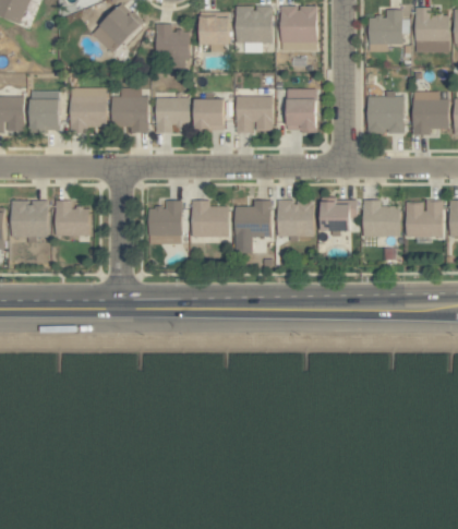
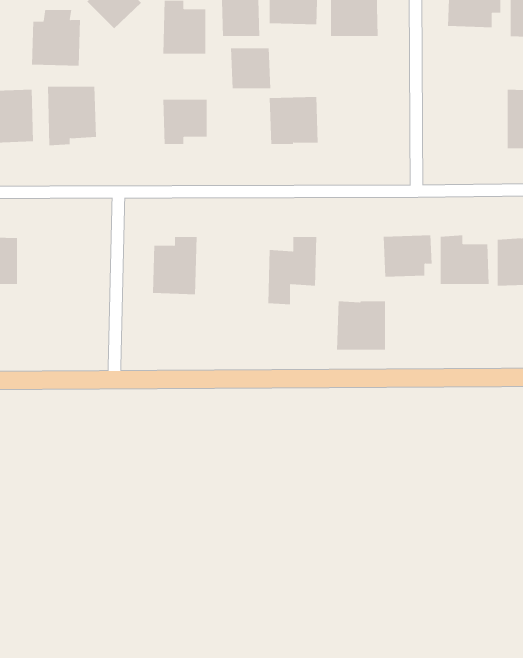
building: [111,88,148,131] -> [31,9,81,66]
building: [287,88,317,130] -> none
building: [367,91,405,134] -> none
building: [194,99,225,130] -> [230,48,271,89]
building: [277,200,314,237] -> [336,301,386,350]
building: [56,201,89,237] -> none
building: [192,201,229,237] -> none

